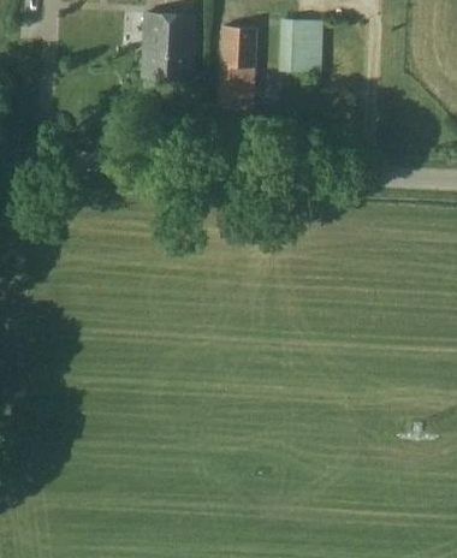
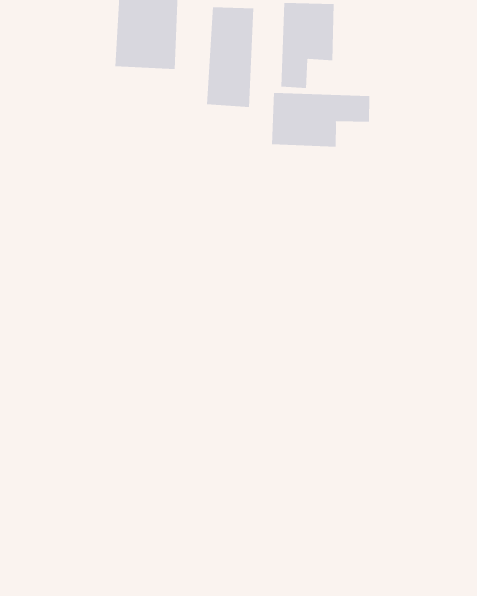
building: none -> [271,92,370,148]

